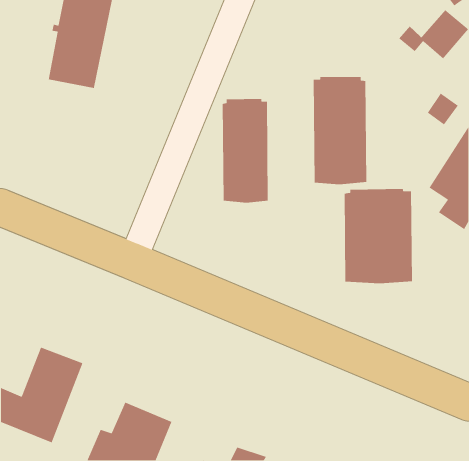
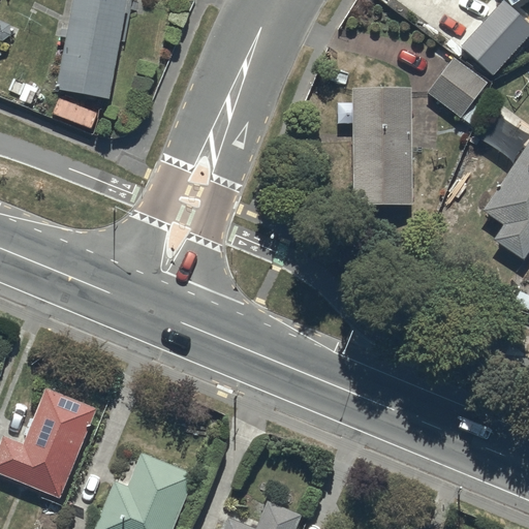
building: none -> [427,55,489,121]
building: [222,98,269,203] -> none
building: [344,188,413,284] -> none

